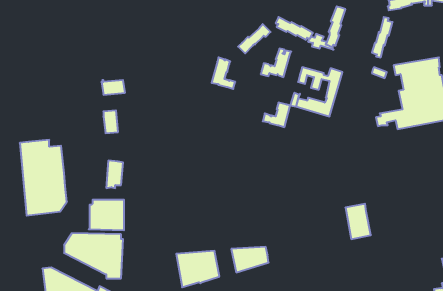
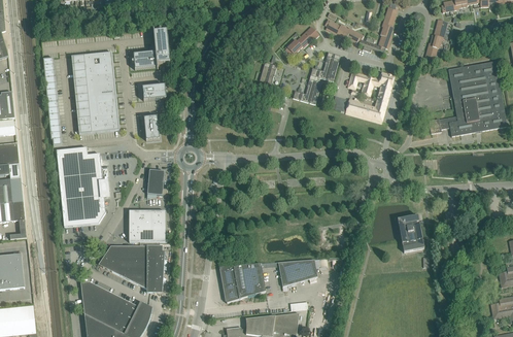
building: none -> [133,30,169,69]
building: none -> [70,53,118,134]
building: [263,103,290,127] -> [292,78,320,104]

